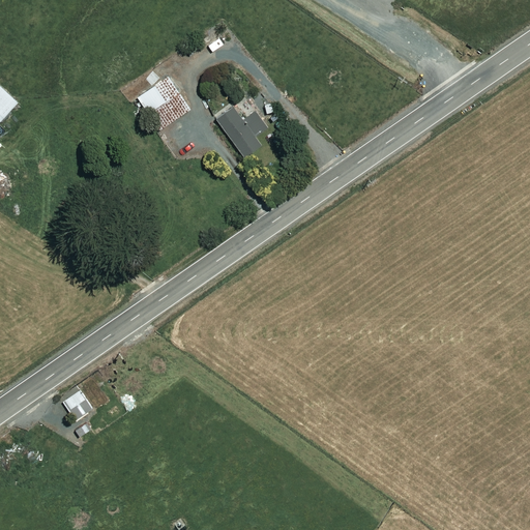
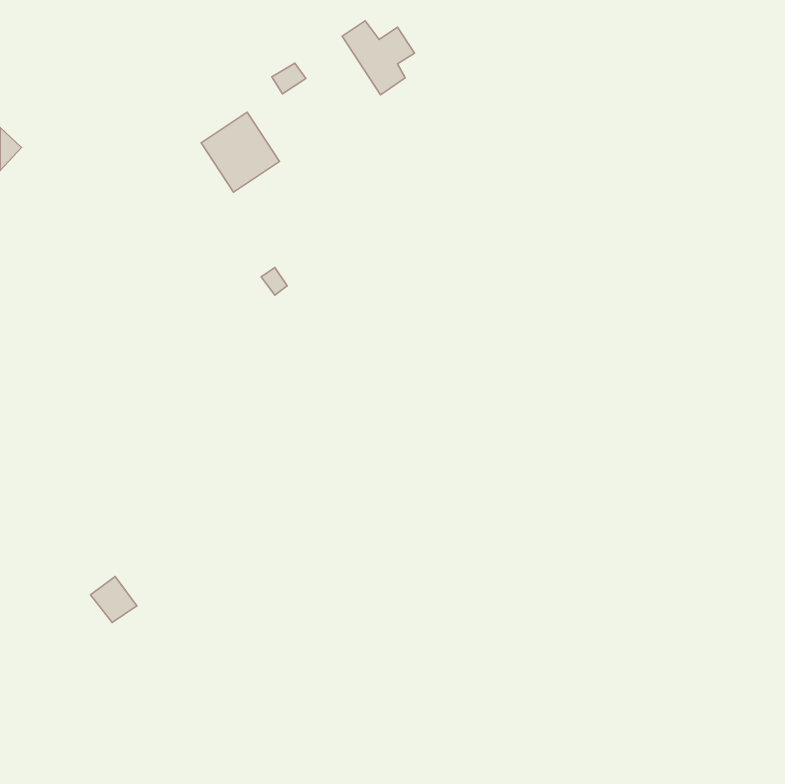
building: [216,107,265,156] -> [342,21,414,95]

